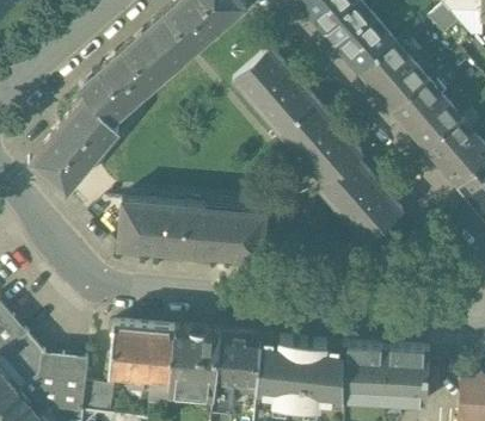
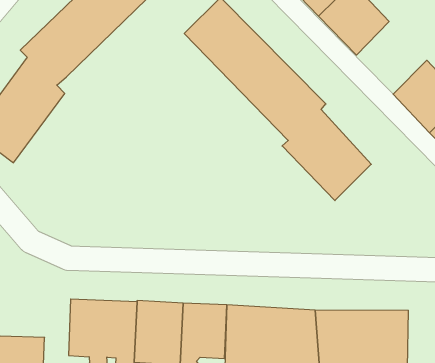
building: [393,81,459,149] -> none
building: [118,202,265,261] -> none

